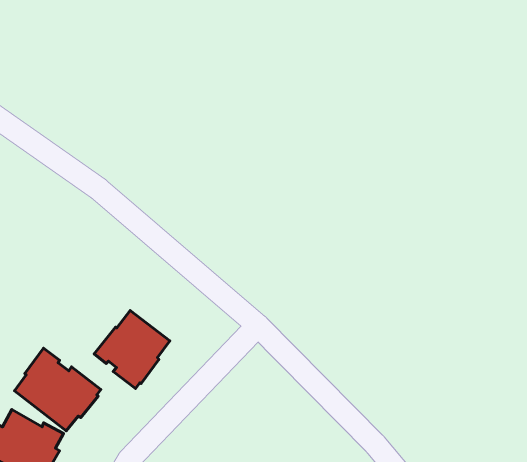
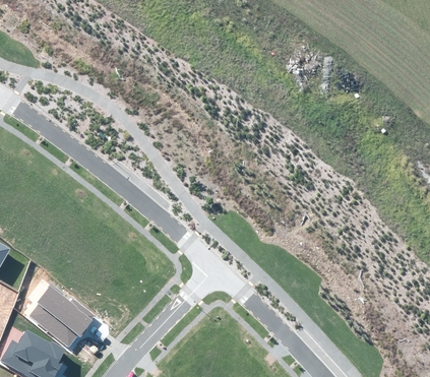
building: [94,311,170,389] -> none

